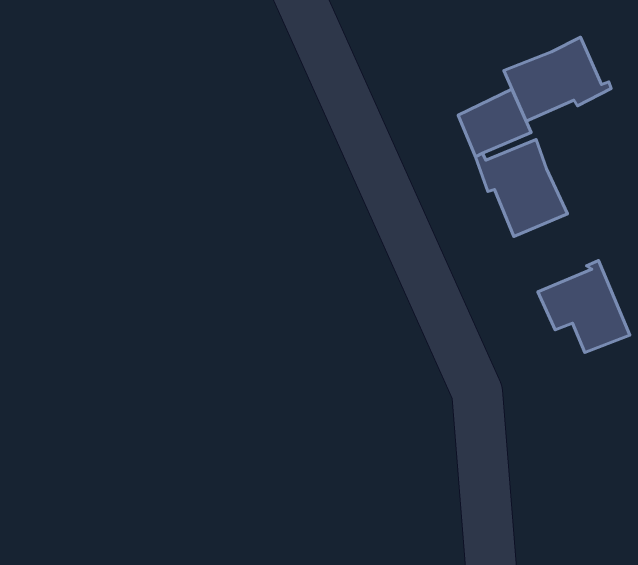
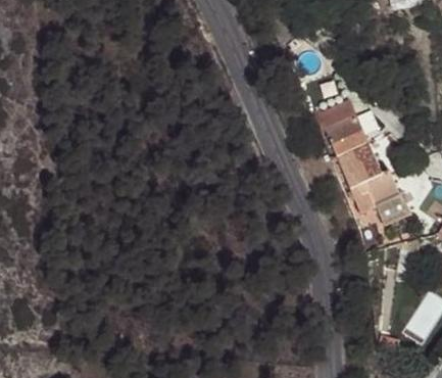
building: [504,37,611,121] -> none
building: none -> [337,143,383,189]

